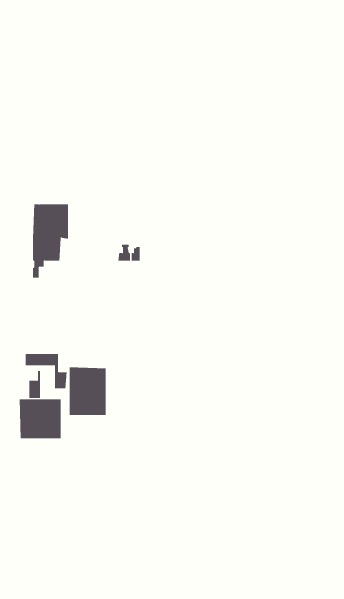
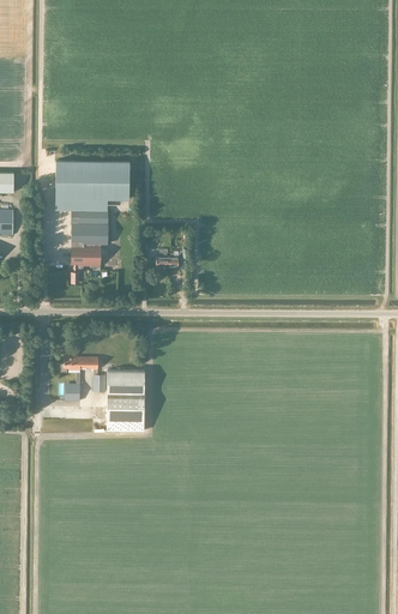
building: none -> [55,162,128,211]
building: [19,399,61,439] -> none

